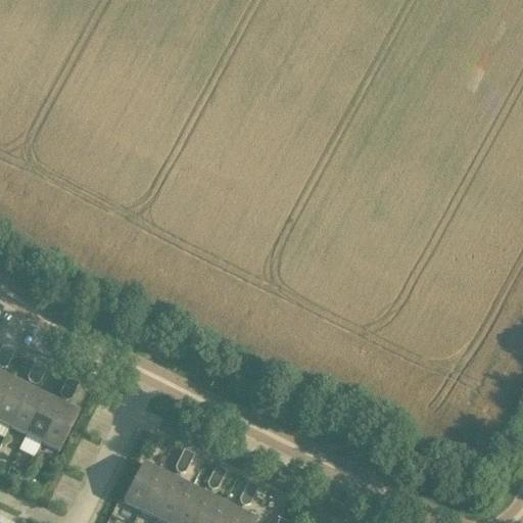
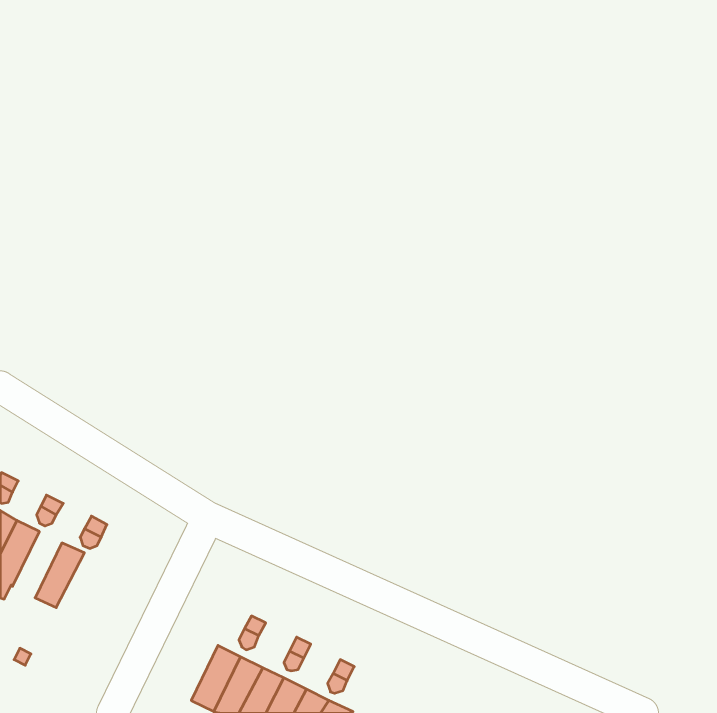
building: [10,386,46,434] -> none
building: [42,401,79,450] -> none
building: [123,461,159,509] -> none

